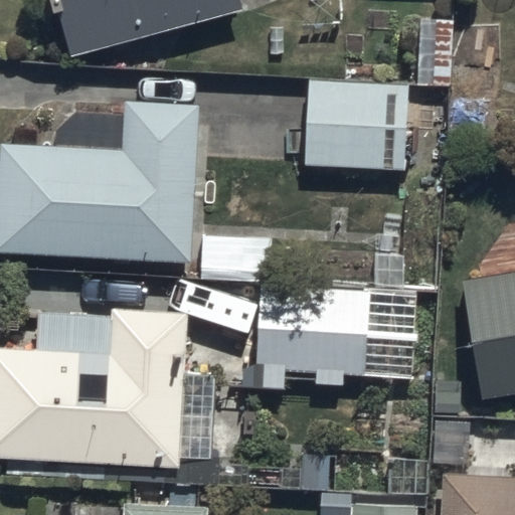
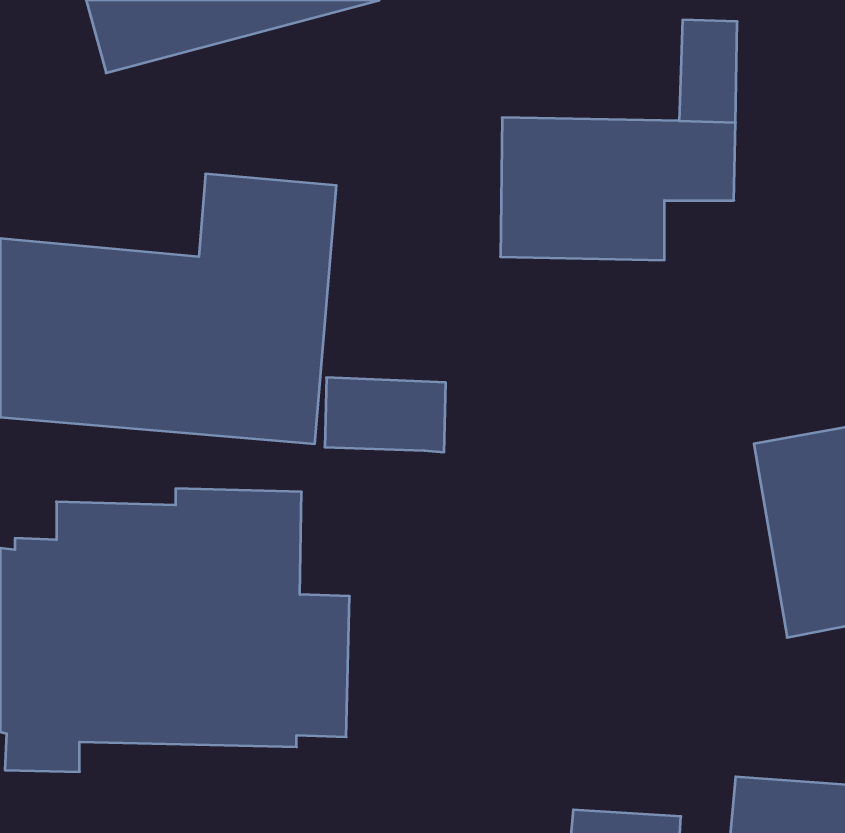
building: [255,285,436,386] -> none

